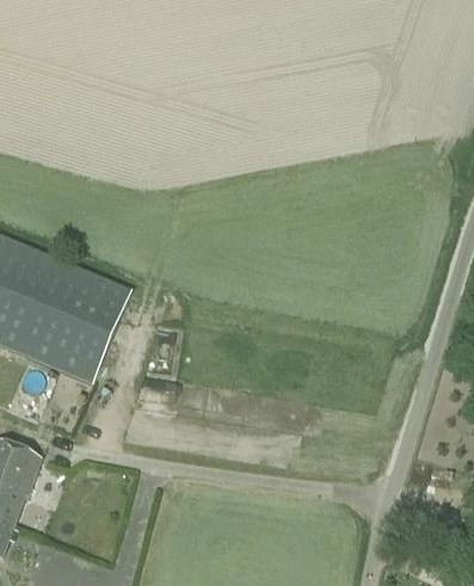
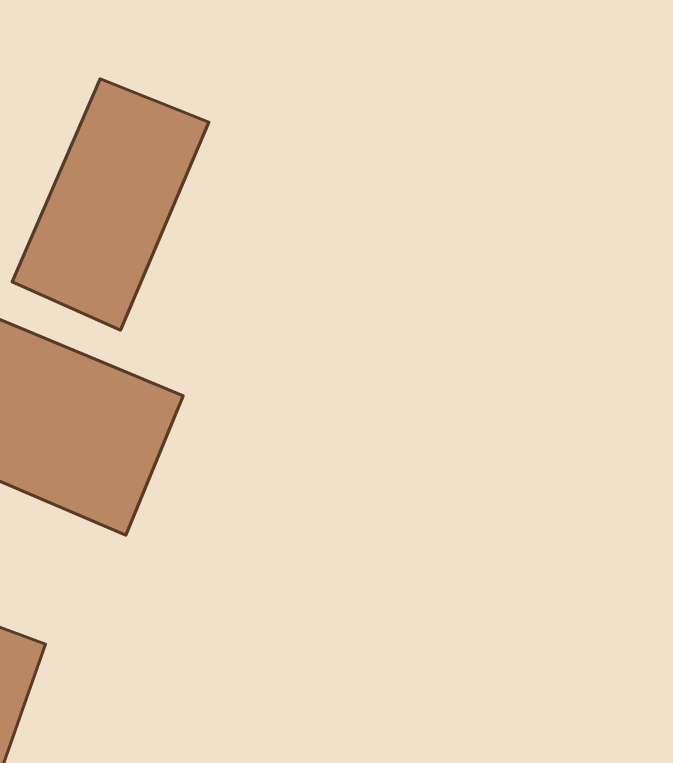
building: none -> [12,79,209,330]

